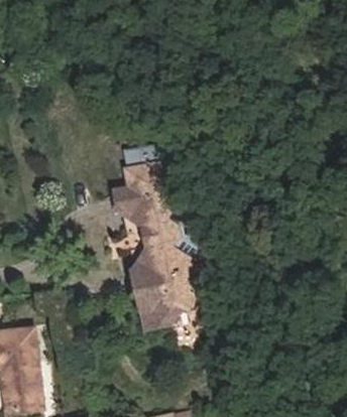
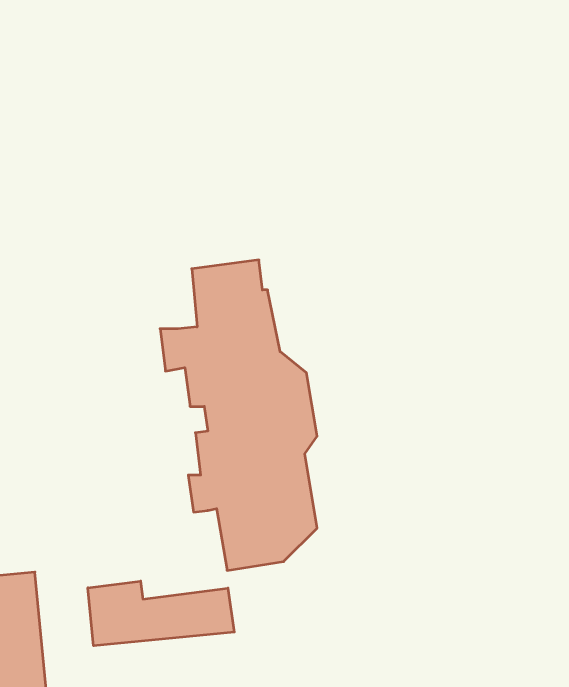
building: none -> [88,581,234,646]

